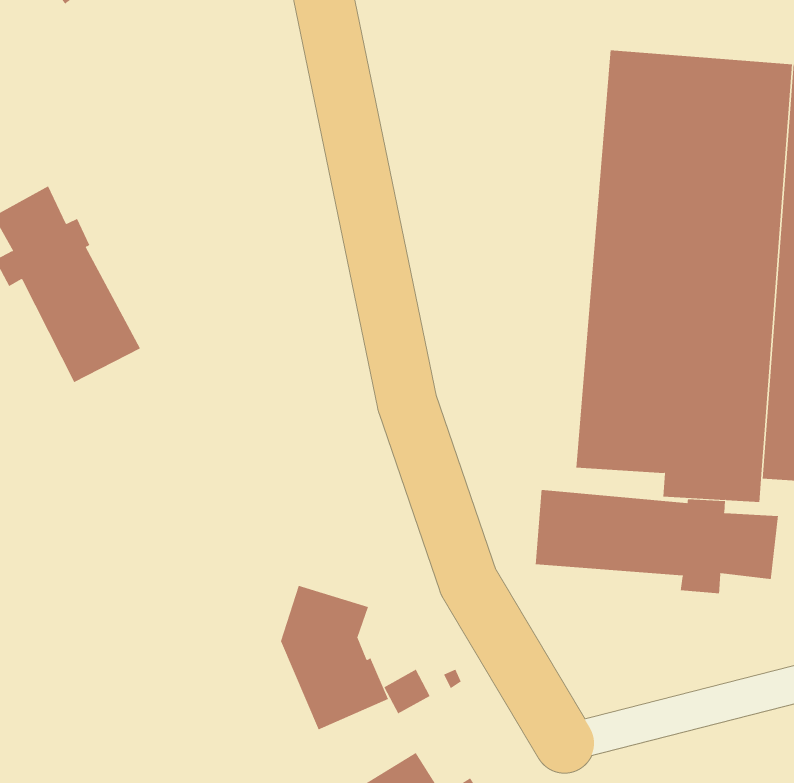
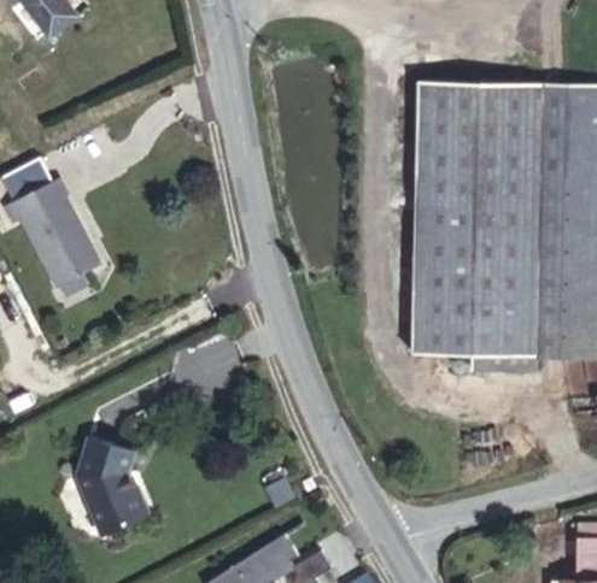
building: [535,489,778,594] -> none
building: [280,585,389,730] -> [80,442,152,538]

